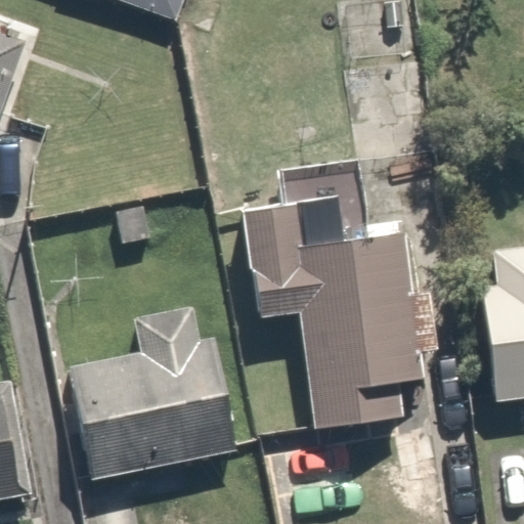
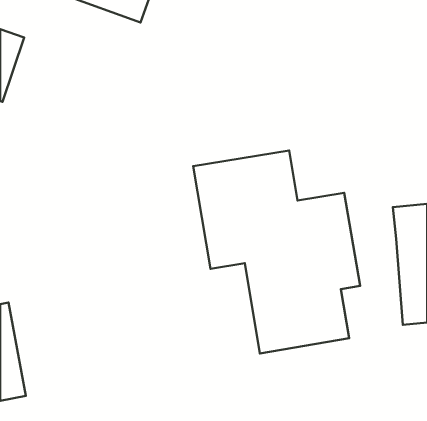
building: [63,309,245,473] -> none

